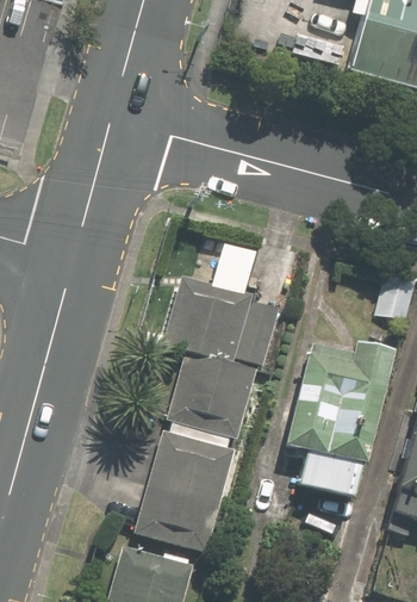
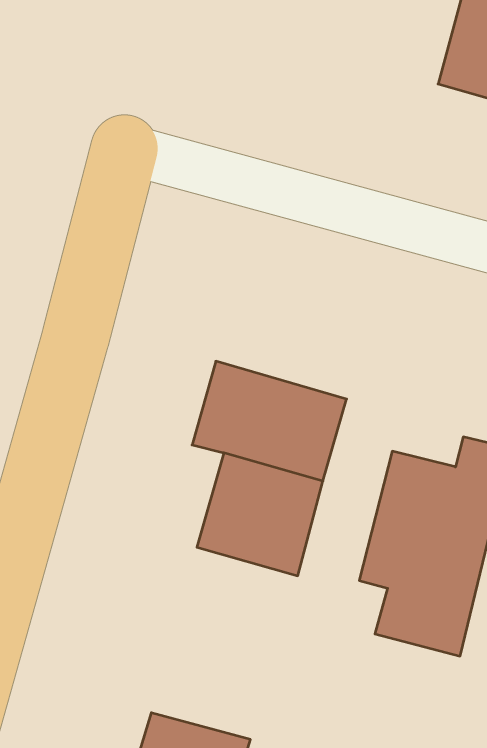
building: [131,418,238,552] -> none

